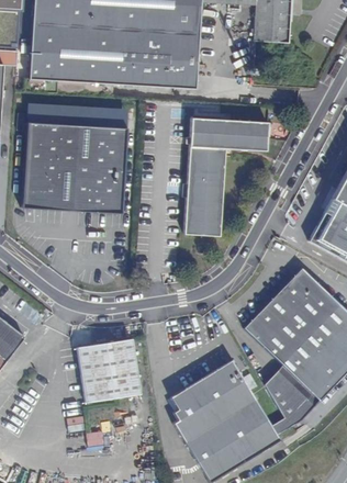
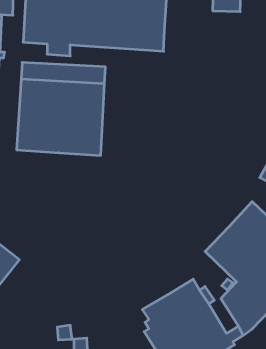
building: [184,116,267,235] -> none
building: [77,337,141,401] -> none

